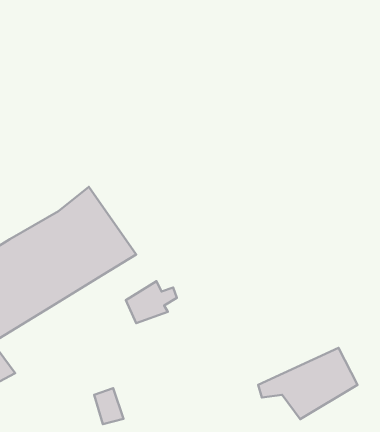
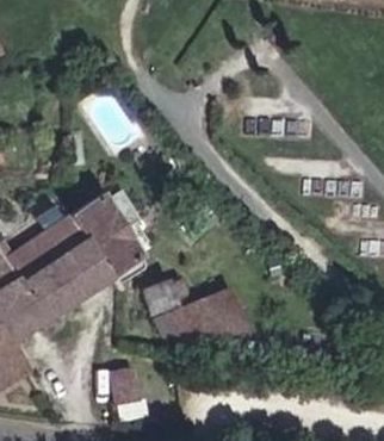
building: [258,348,357,419] -> [151,292,244,359]

